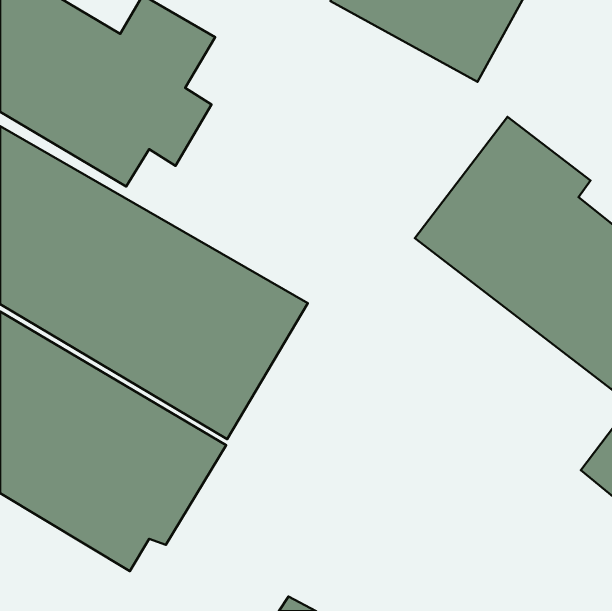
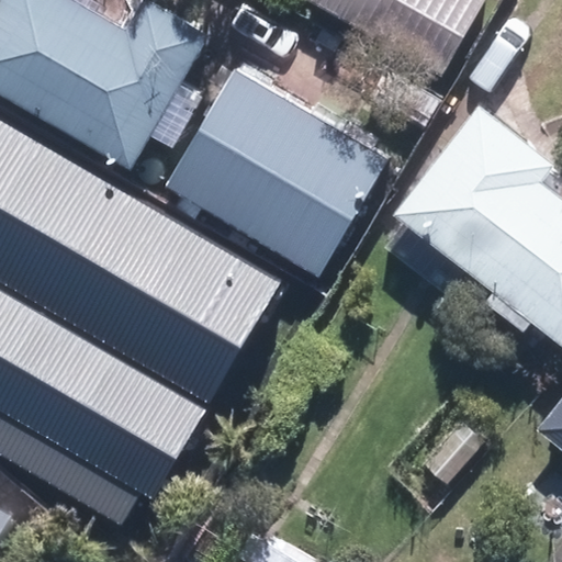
building: none -> [162,69,386,277]

